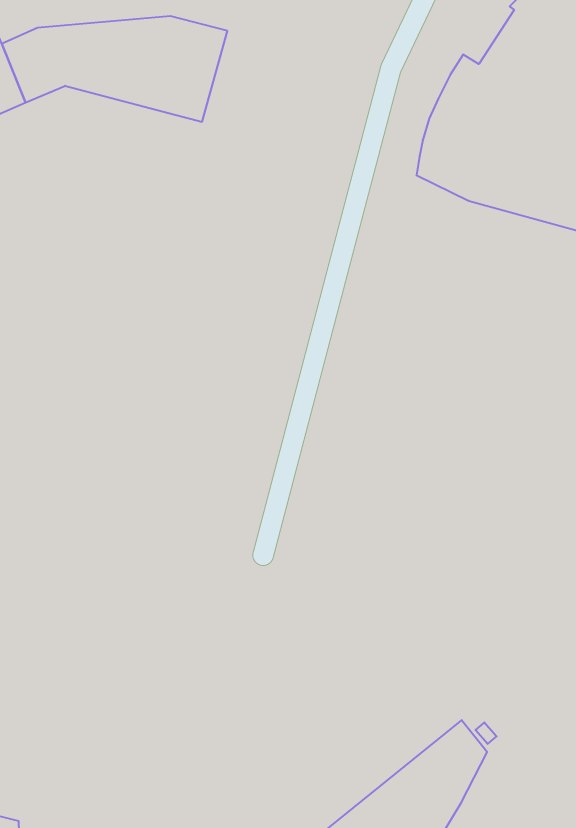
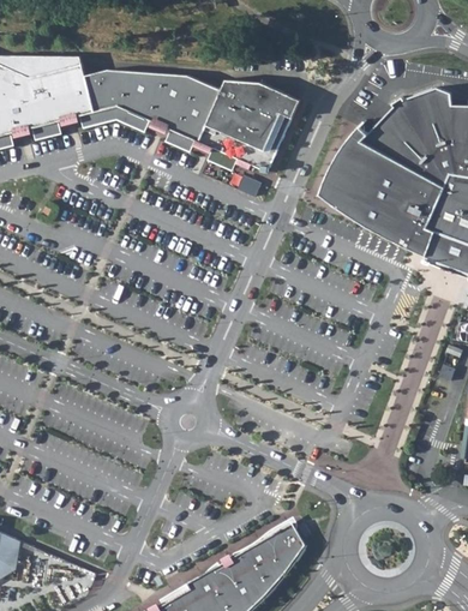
building: none -> [197,82,300,174]

